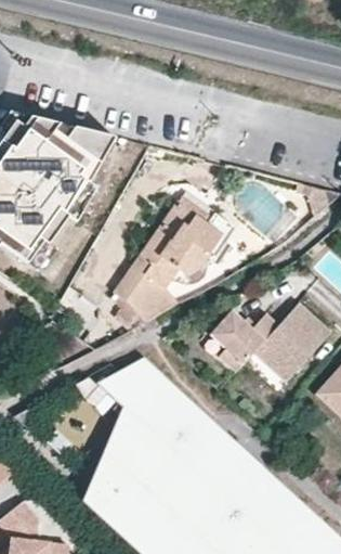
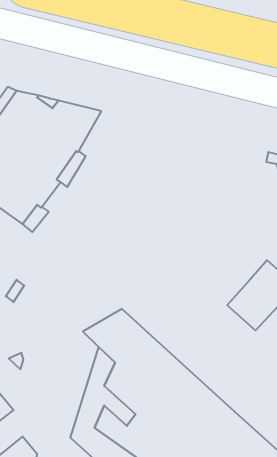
building: [114,201,237,318] -> none
building: [211,311,279,372] -> none

